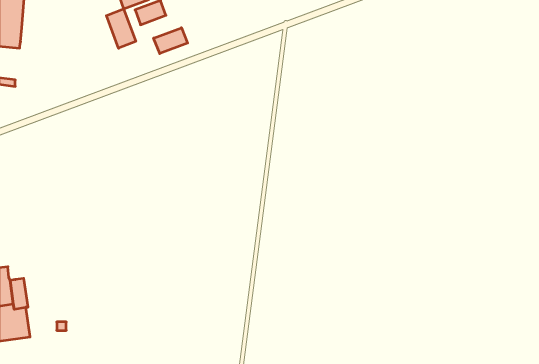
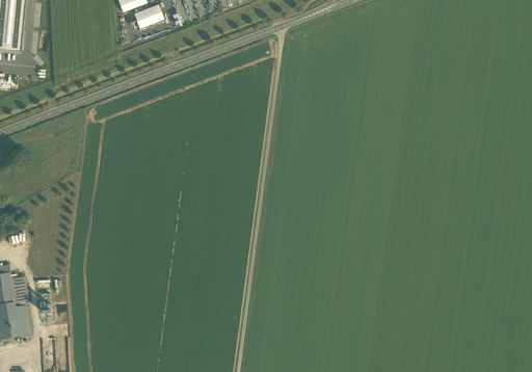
building: [106,9,136,48] -> none
building: [154,28,188,54] -> none

